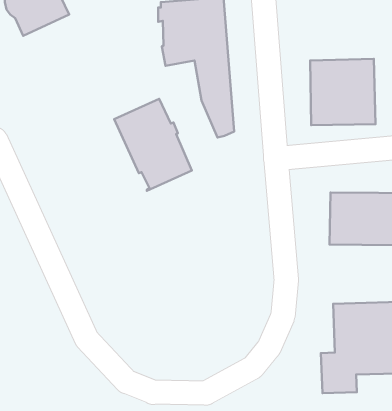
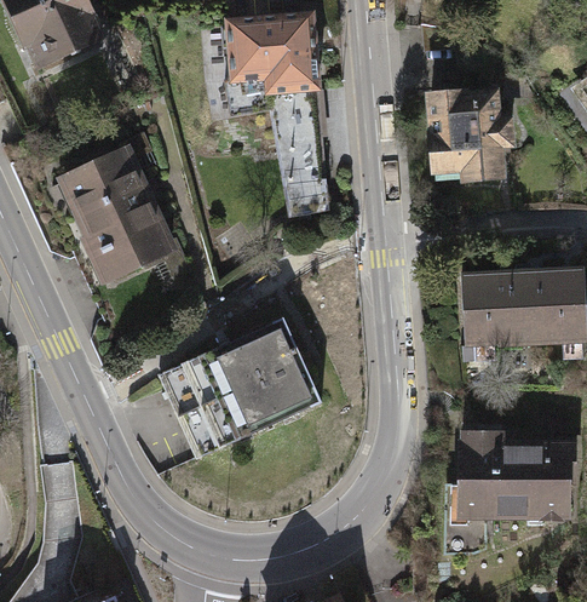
building: [114,99,192,191] -> [61,145,167,271]
building: none -> [155,313,318,452]

